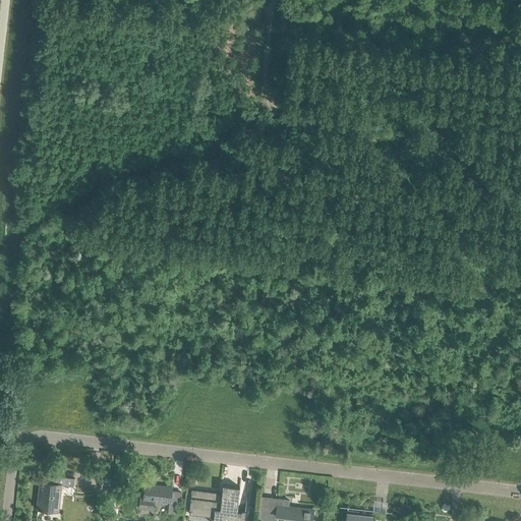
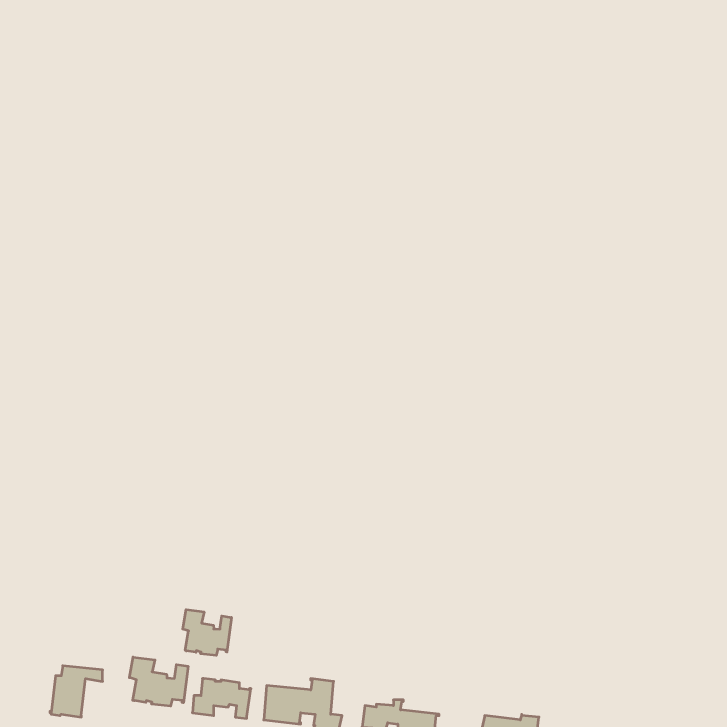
building: none -> [183,610,231,655]
building: none -> [129,657,188,706]

